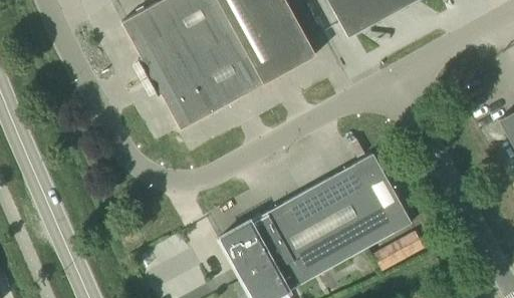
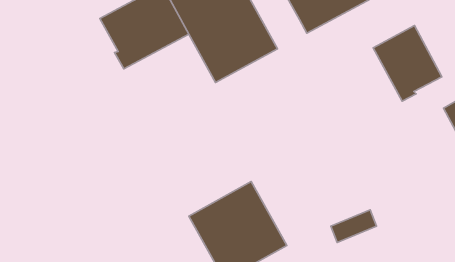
building: none -> [373,26,442,101]
building: [148,38,248,128] -> none
building: [287,153,412,270] -> none

